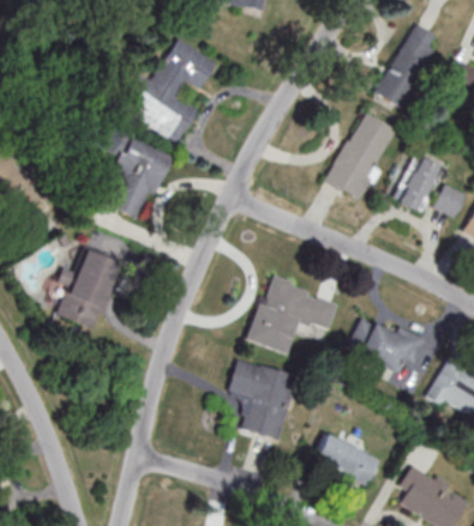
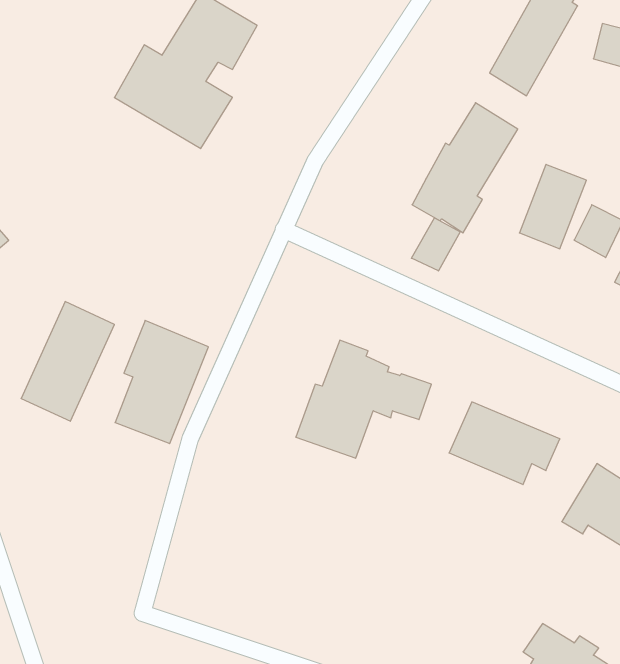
building: [107,137,170,220] -> [115,320,208,444]
building: none -> [411,218,460,271]
building: [227,359,296,440] -> none
building: [313,434,379,484] -> none

